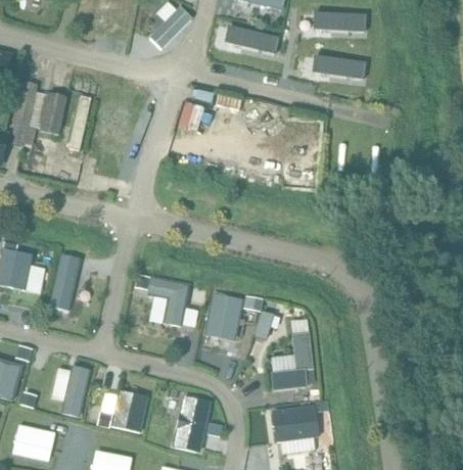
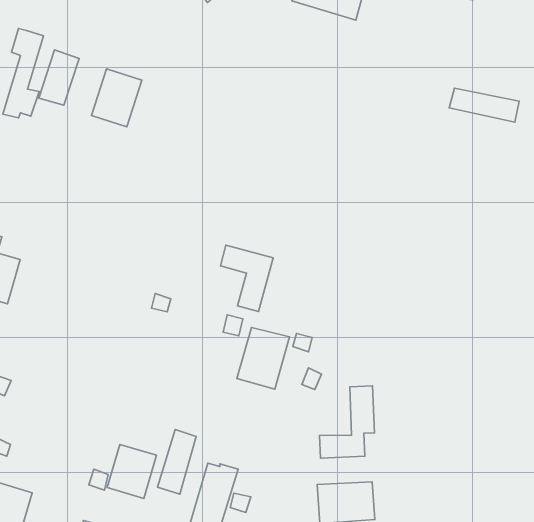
building: [312,56,365,79] -> [449,88,519,122]
building: none -> [91,69,142,127]
building: [49,254,79,310] -> none
building: [148,277,188,326] -> [220,245,273,312]
building: [61,368,88,417] -> [158,430,196,494]

